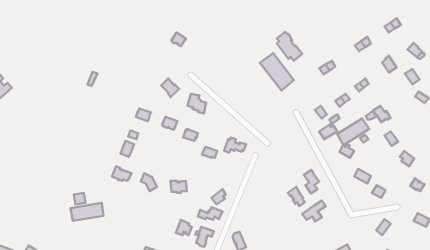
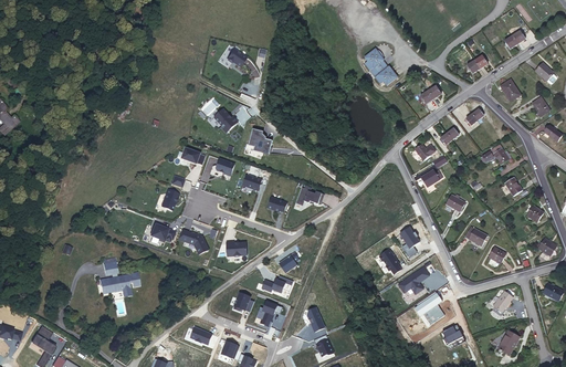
building: [260,53,294,91] -> none
building: [337,118,369,145] -> none
building: none -> [413,293,444,326]

